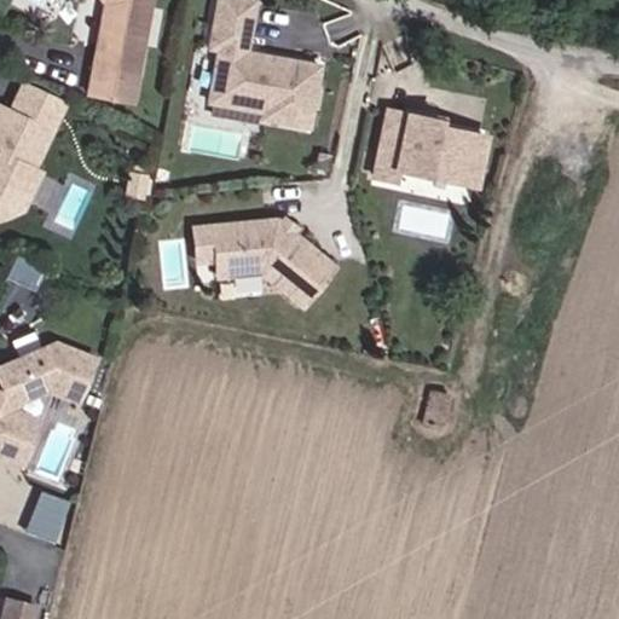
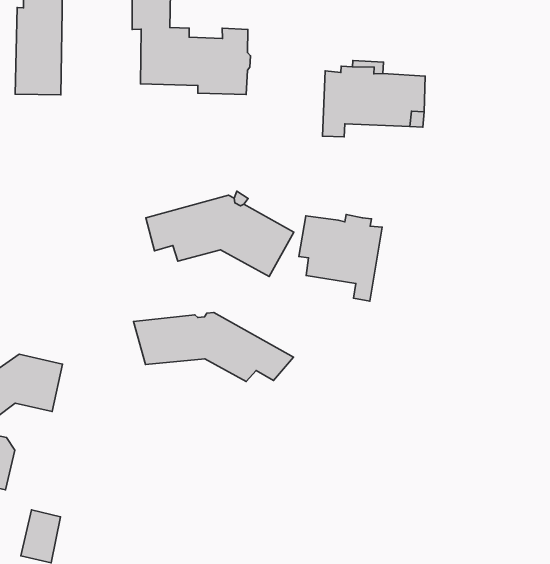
building: none -> [299,215,382,301]
building: none -> [133,313,293,381]

